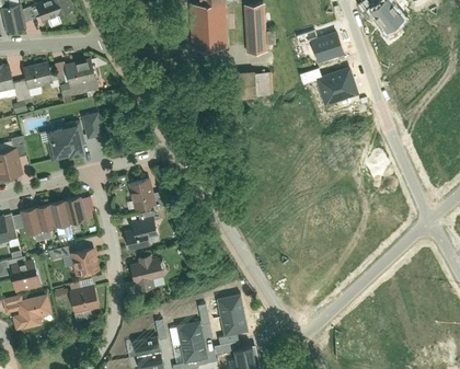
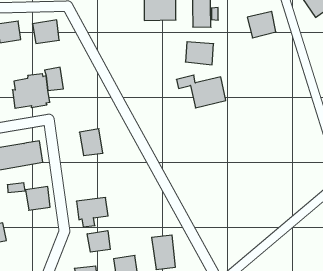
building: [299,68,357,105] -> [176,75,226,108]
building: [125,211,159,250] -> none
building: [68,281,100,313] -> none
building: none -> [87,231,110,252]

